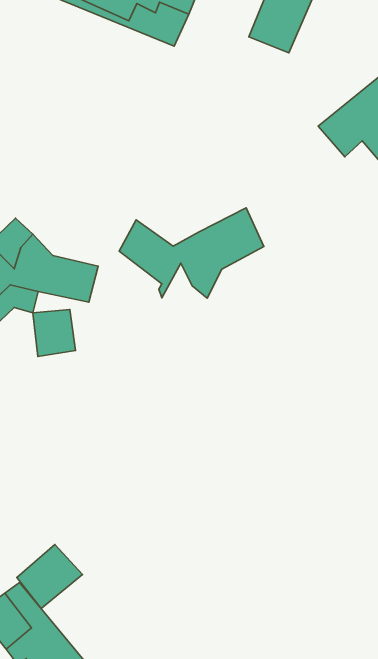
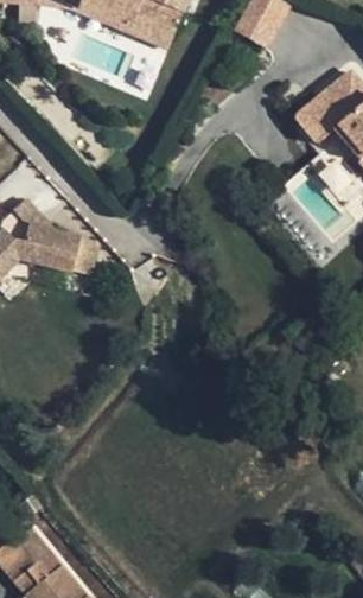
building: [119,208,264,298] -> none
building: [33,309,76,357] -> none
building: [17,545,82,608] -> none

